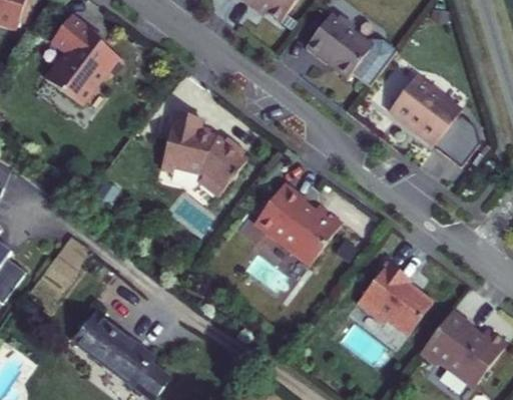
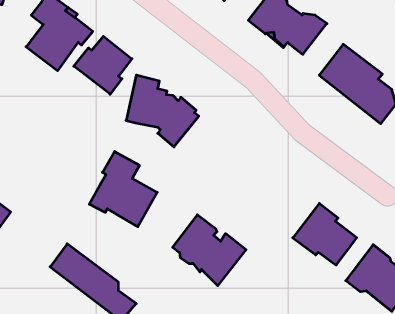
building: none -> [74,36,132,94]
building: [254,181,341,265] -> [173,215,246,286]
building: none -> [89,151,157,227]

